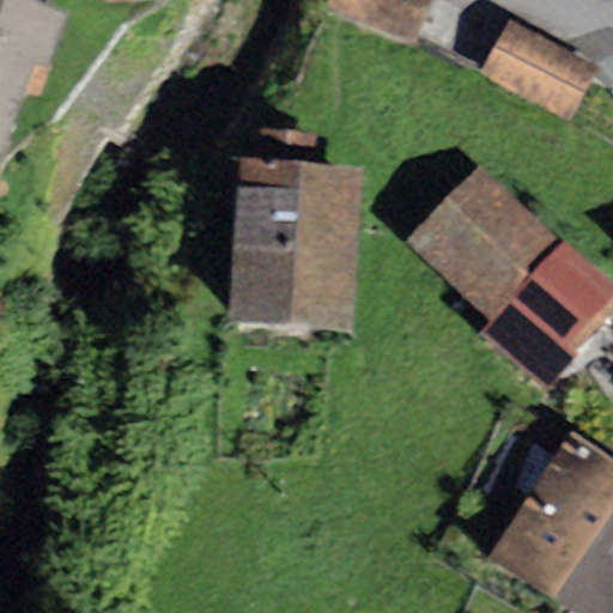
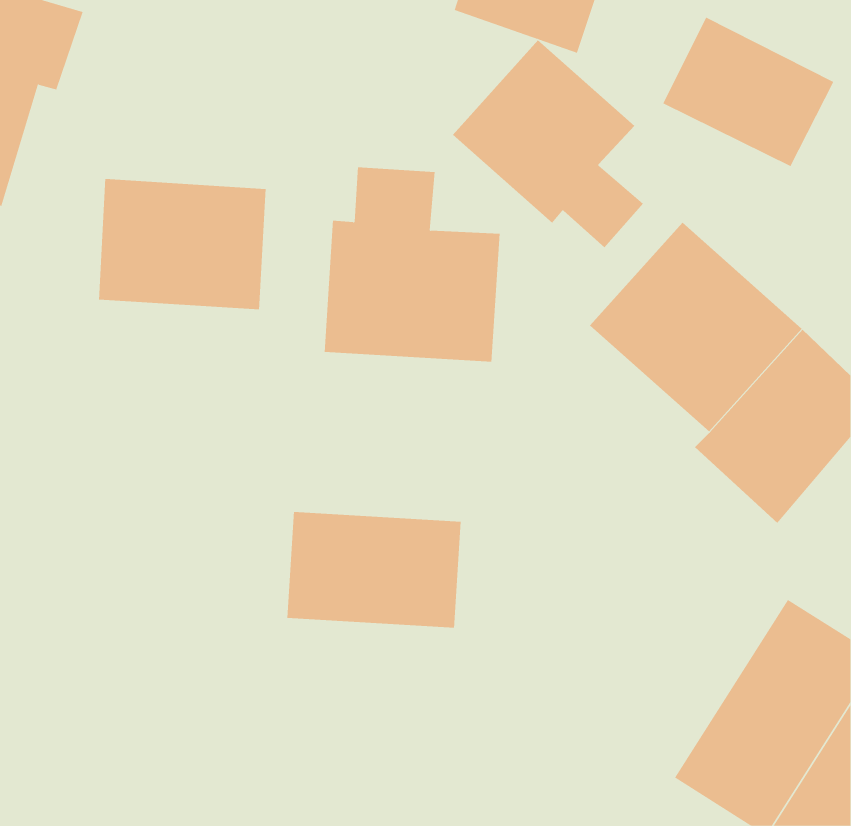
building: none -> [452,39,644,248]
building: none -> [98,178,266,310]
building: [227,253,353,336] -> [286,511,462,628]

